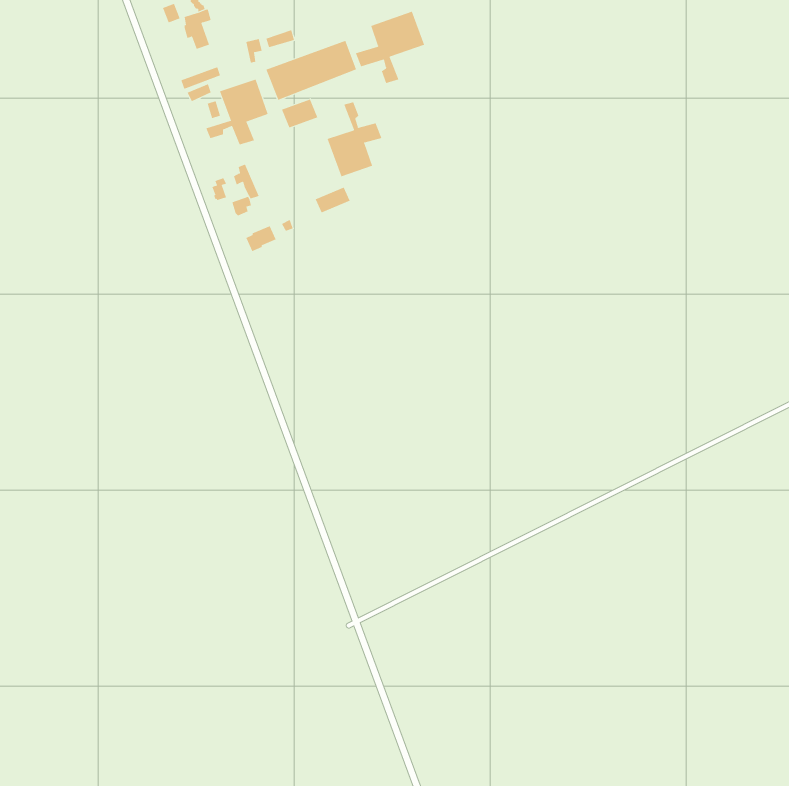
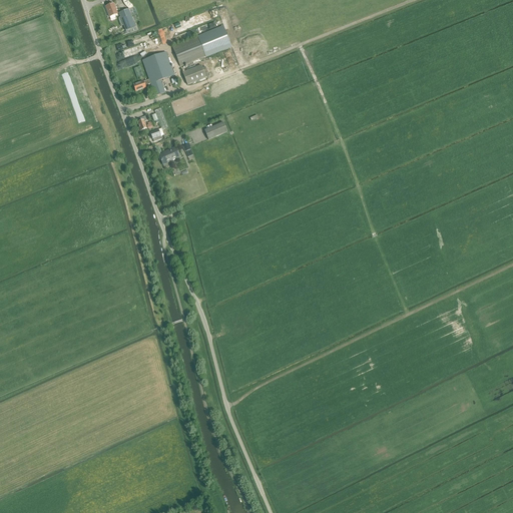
building: [355,11,425,84] -> none
building: [327,102,382,177] -> none

